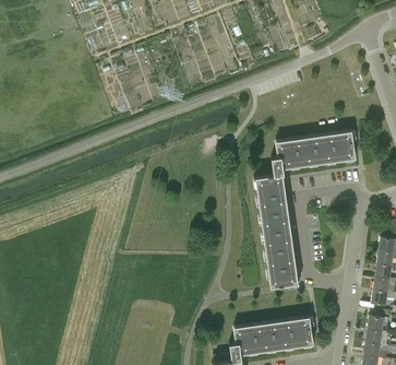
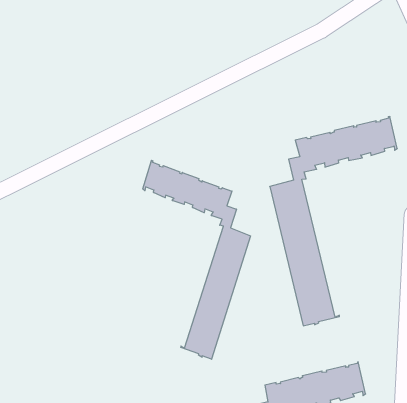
building: none -> [143,160,251,359]

